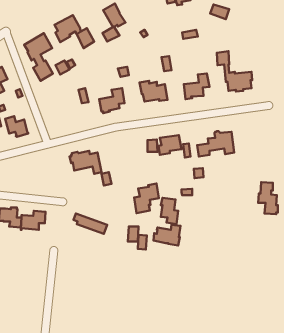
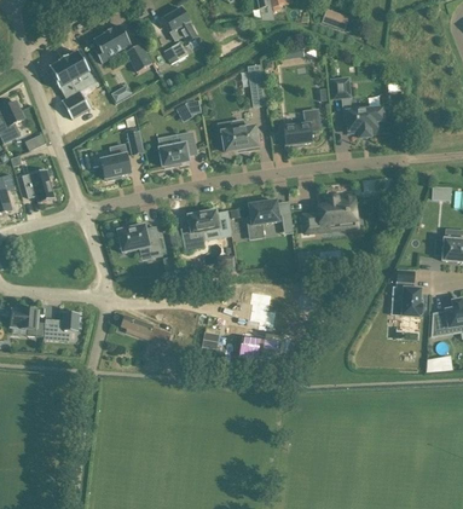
building: none -> [100,154,131,180]
building: [134,183,159,213] -> [181,208,218,251]

